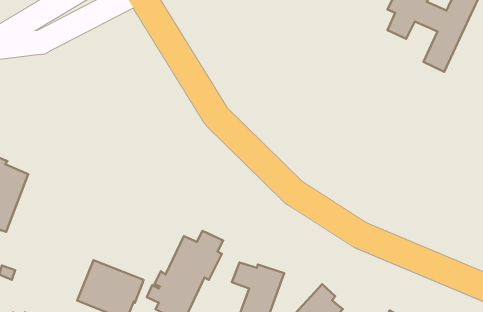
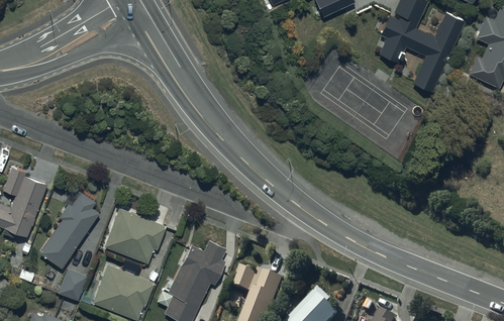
building: none -> [39,189,99,269]
building: none -> [104,209,166,263]
building: none -> [59,269,87,301]

